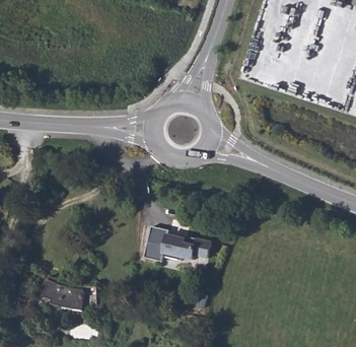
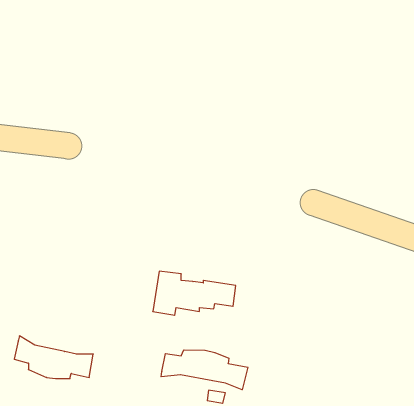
building: none -> [161,350,248,390]

